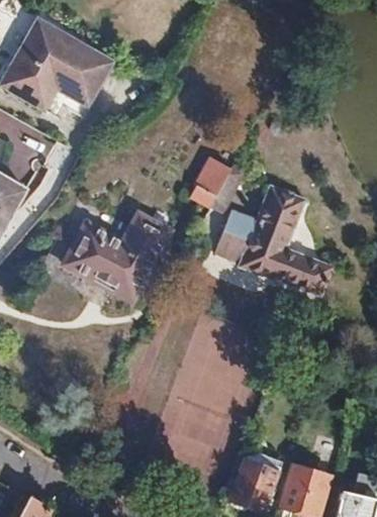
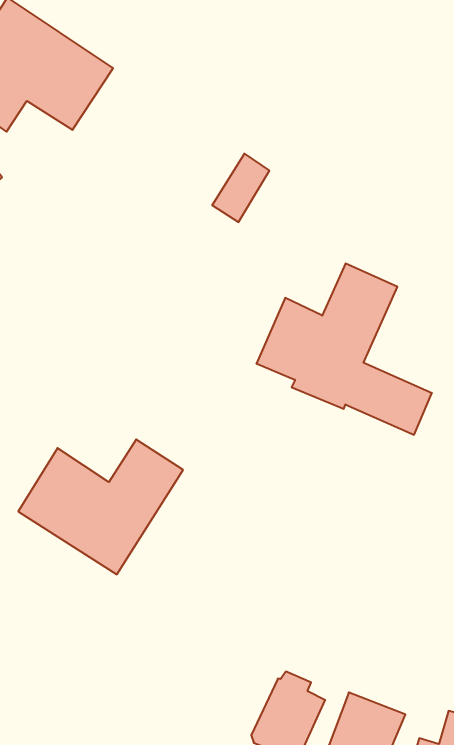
building: [194,160,230,205] -> [212,154,269,222]
building: [65,212,172,302] -> [18,439,183,574]

